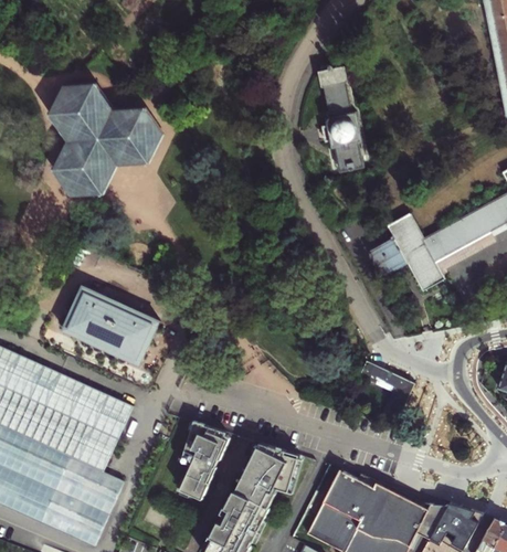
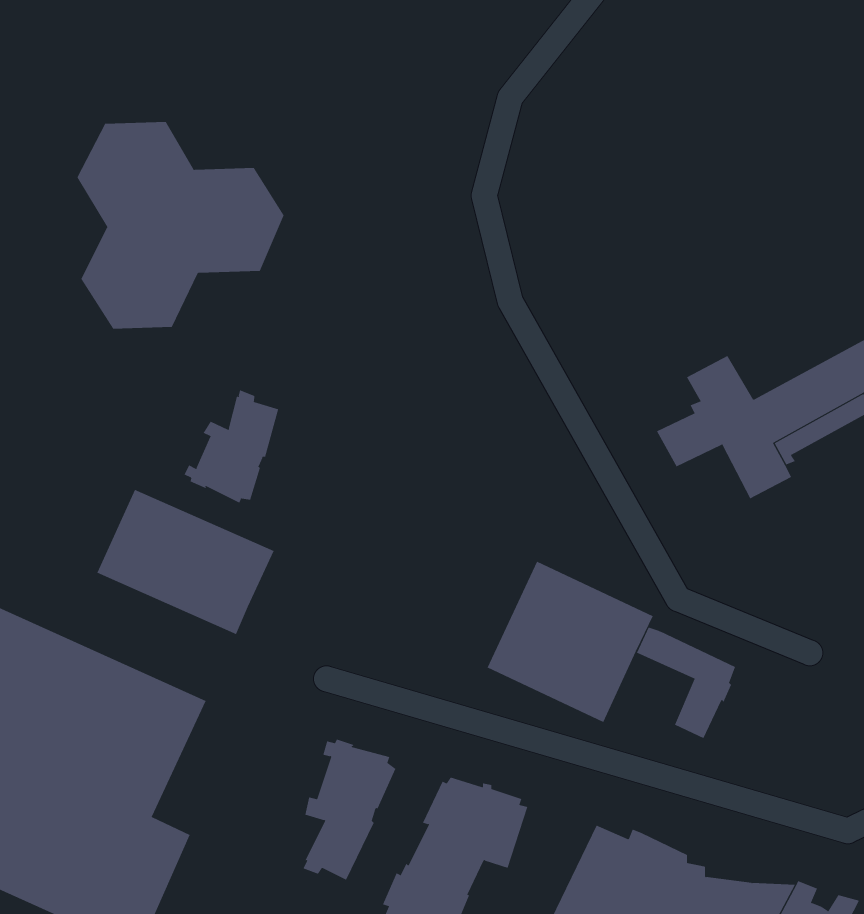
building: [319,60,367,171] -> none
building: none -> [184,390,279,504]
building: none -> [487,561,653,723]

